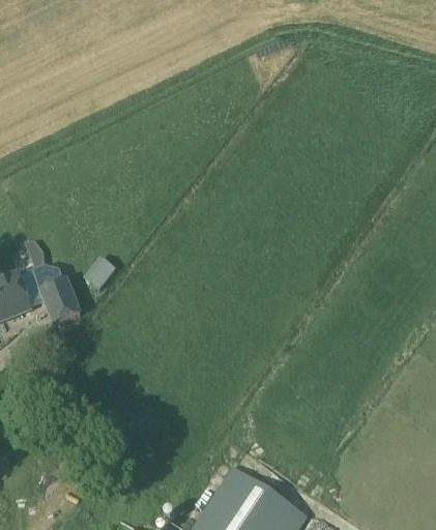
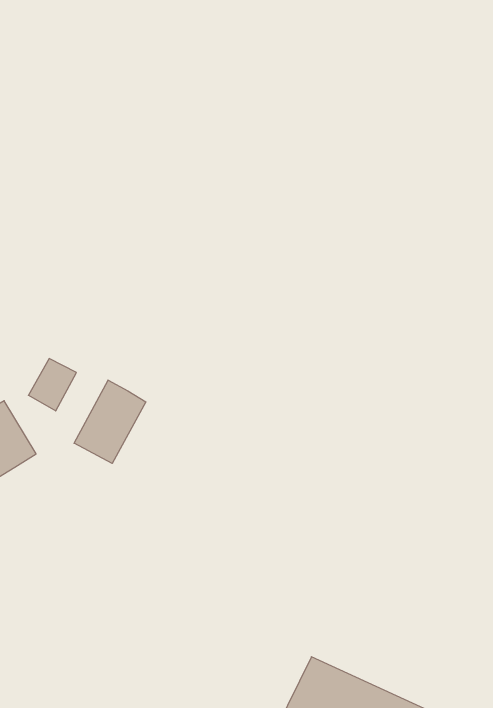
building: none -> [74,380,146,463]

